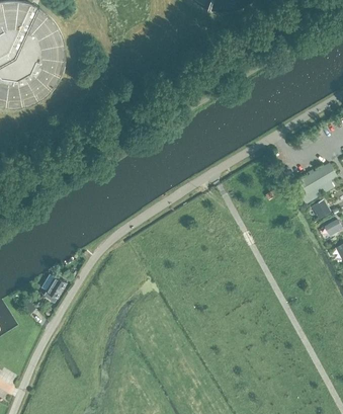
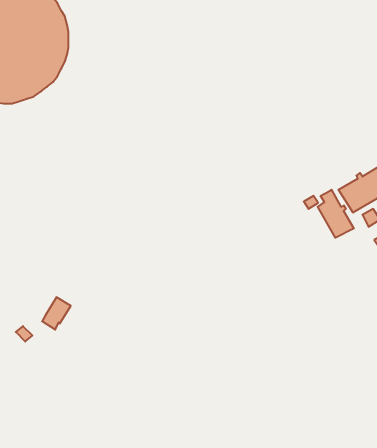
building: none -> [318,190,354,238]

